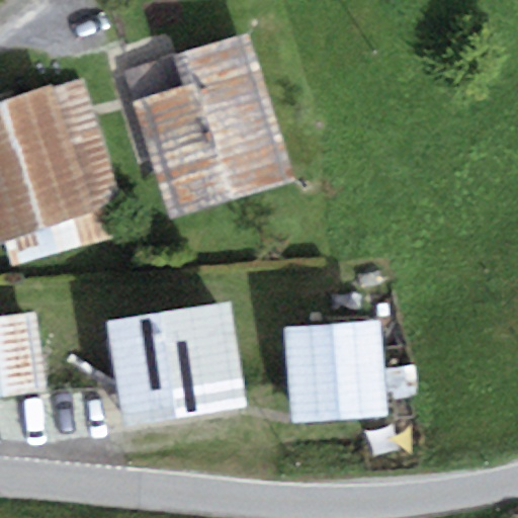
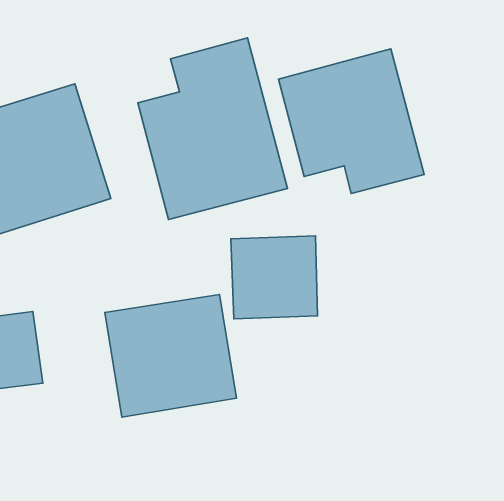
building: none -> [279,49,424,193]
building: [293,328,381,412] -> [231,236,318,319]

